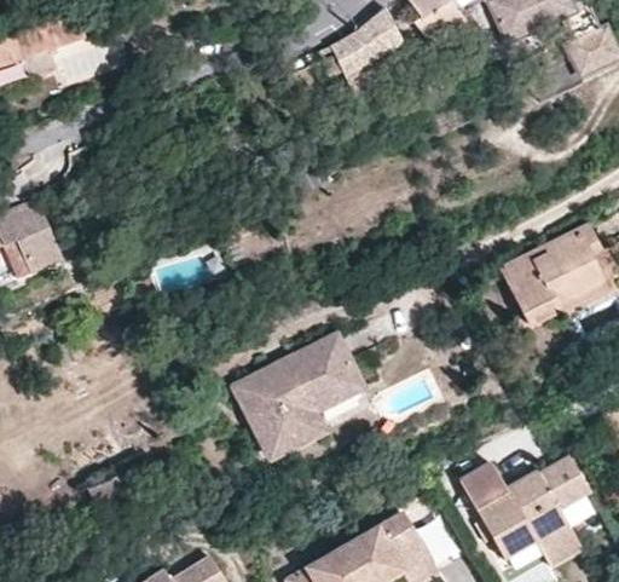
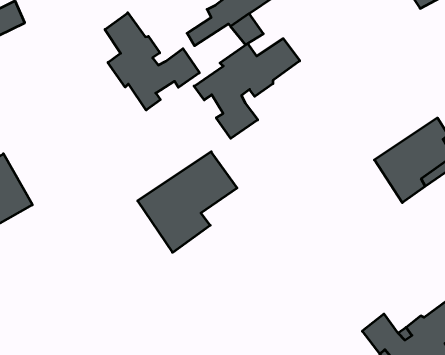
building: none -> [105,13,199,110]
building: none -> [194,39,300,138]
building: [235,336,361,456] -> [138,152,237,252]

